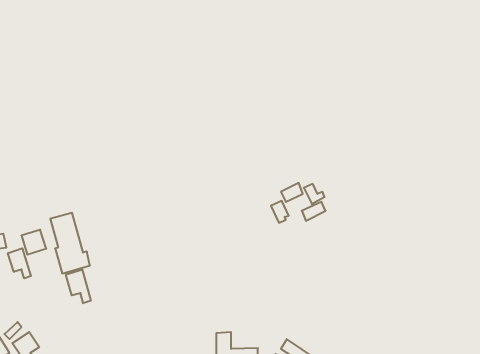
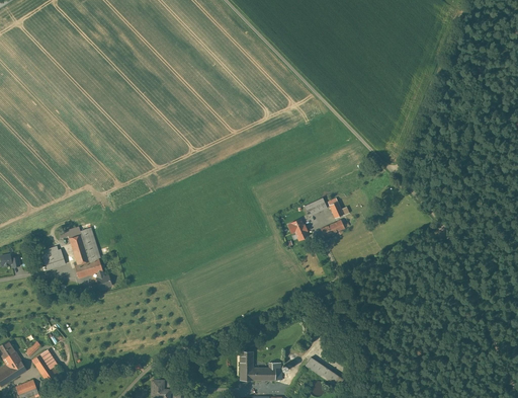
building: [8,248,31,278] -> none
building: [66,269,91,303] -> none

